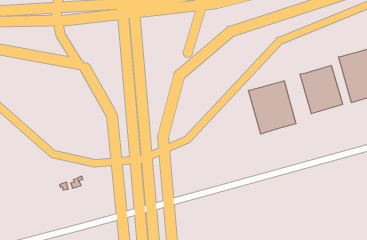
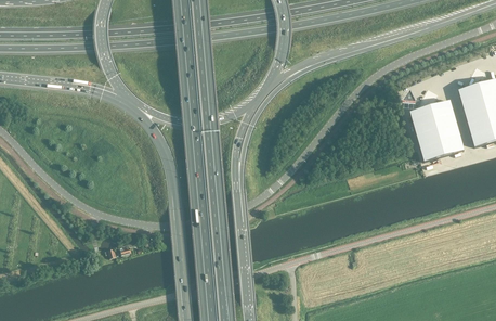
building: [248,81,296,134] -> none

